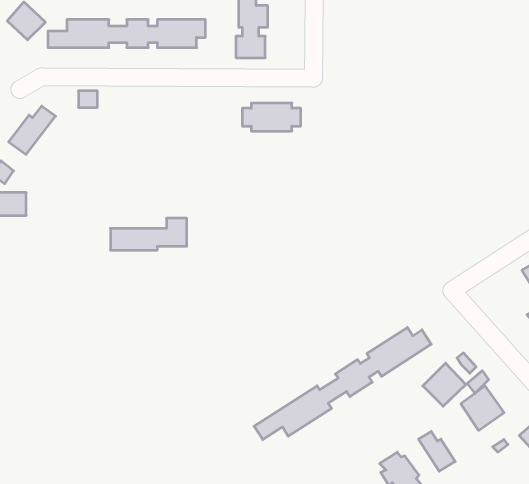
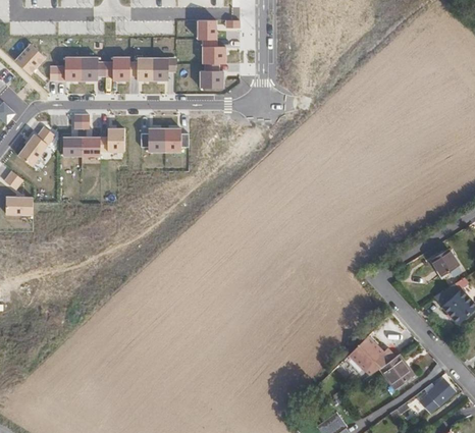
building: [242,103,301,131] -> [141,129,188,152]
building: [110,218,187,250] -> [62,129,123,155]
building: [254,327,431,440] -> none
building: [419,431,455,471] -> none

